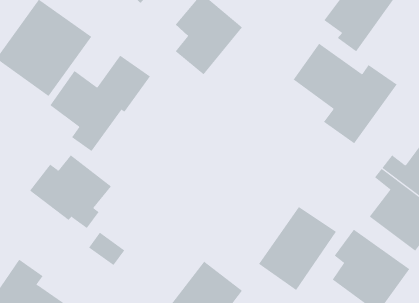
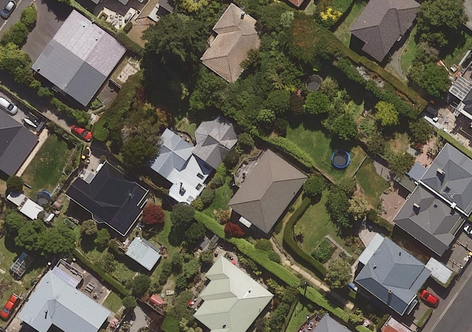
building: [293,43,397,144] -> none
building: [49,55,151,152] -> [142,111,240,205]
building: [258,206,337,291] -> [229,151,305,233]

